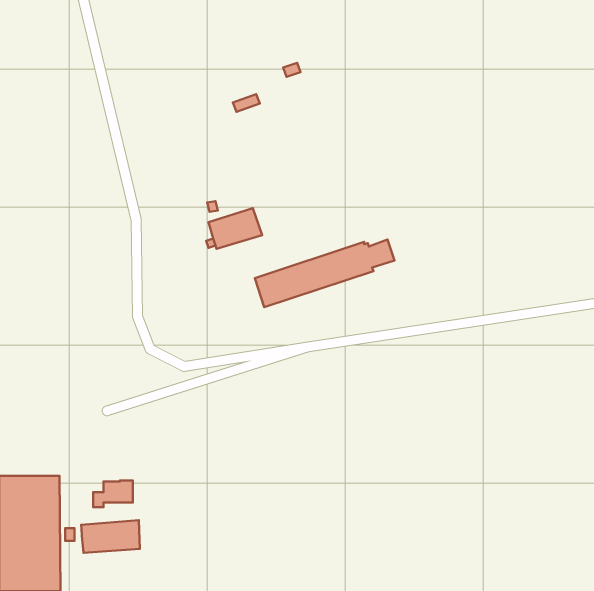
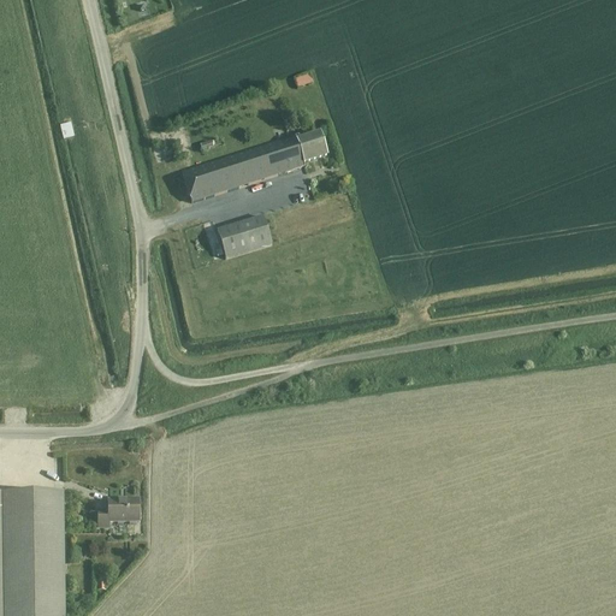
building: [255,240,394,307] -> [180,132,325,202]
building: [81,520,140,553] -> none

